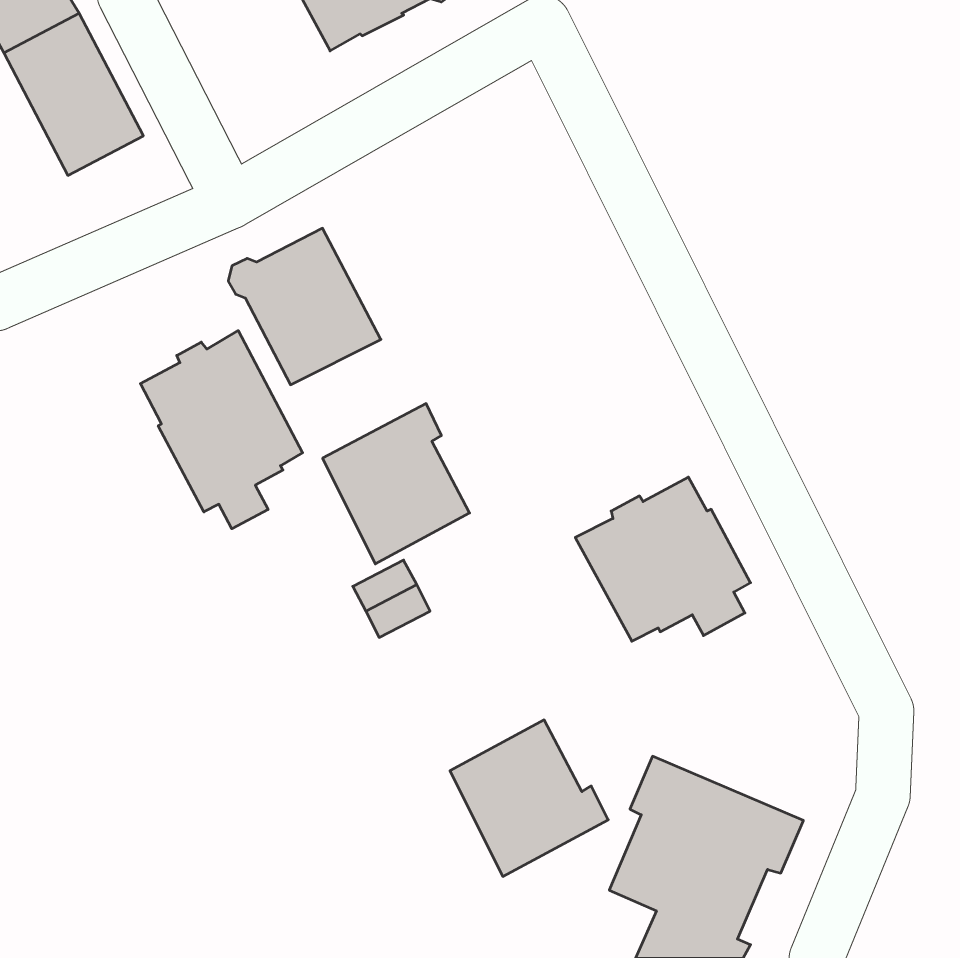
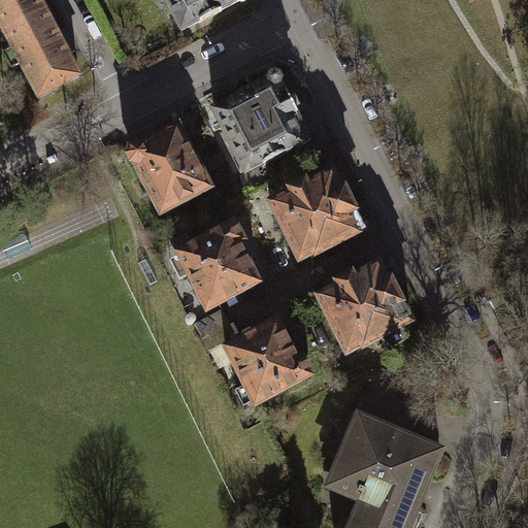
building: none -> [212,71,307,170]
building: none -> [268,170,363,259]
building: [140,331,303,529] -> none
building: [450,720,608,876] -> [224,318,310,403]

